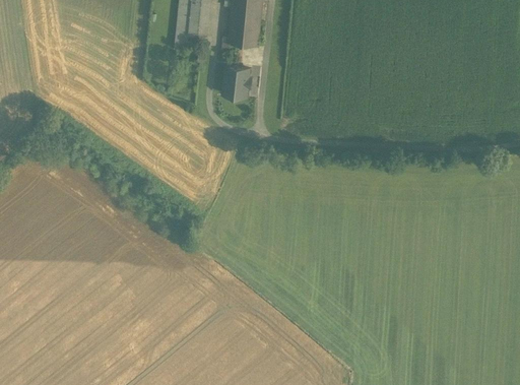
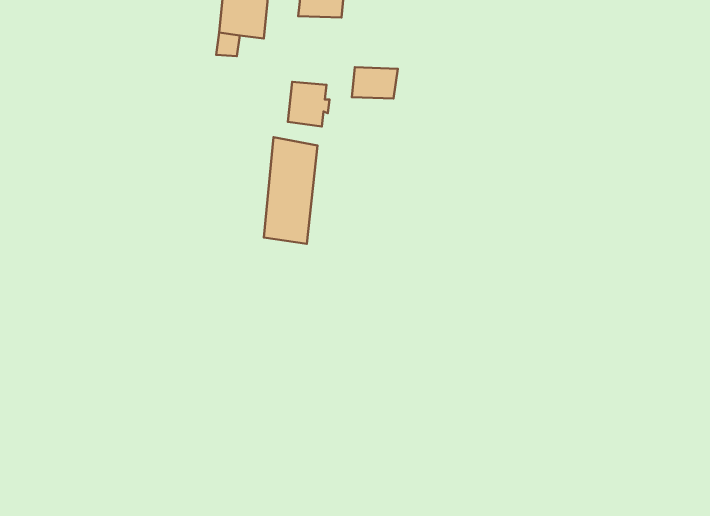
building: [230,22,261,44] -> [352,67,398,99]
building: none -> [264,137,318,244]

